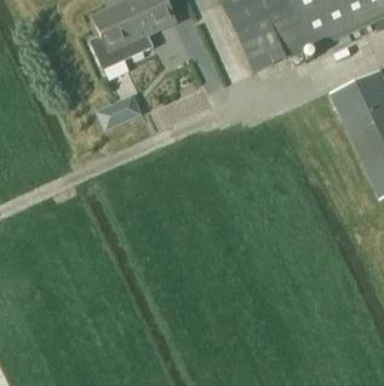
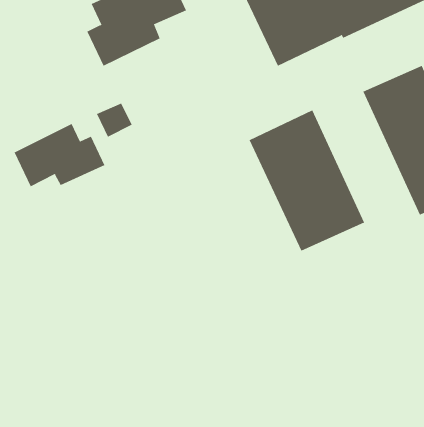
building: none -> [249,109,365,251]
building: none -> [14,123,105,187]

